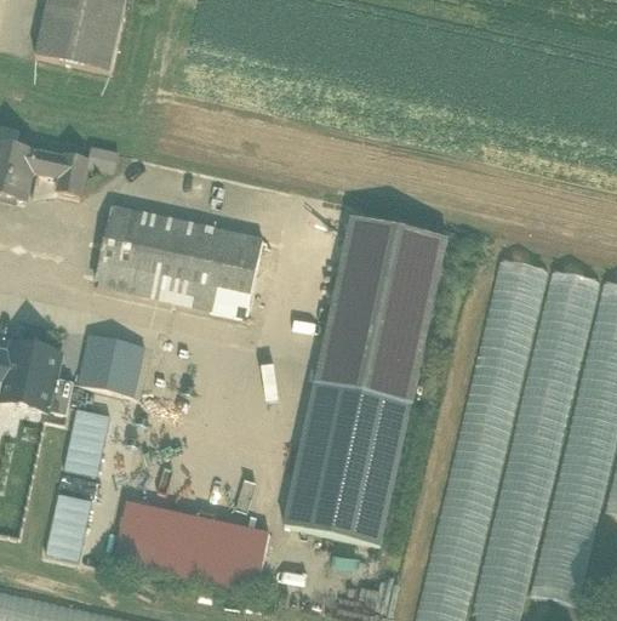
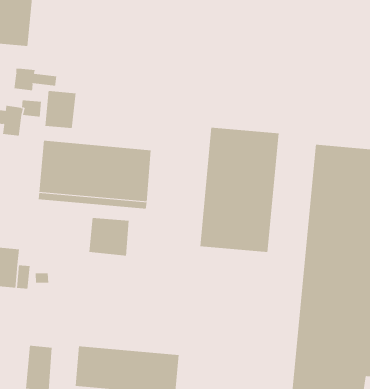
building: none -> [14,68,57,91]
building: none -> [45,90,76,129]
building: [81,334,144,394] -> [89,217,129,256]
building: [284,382,411,545] -> none
building: [64,408,110,475] -> none

